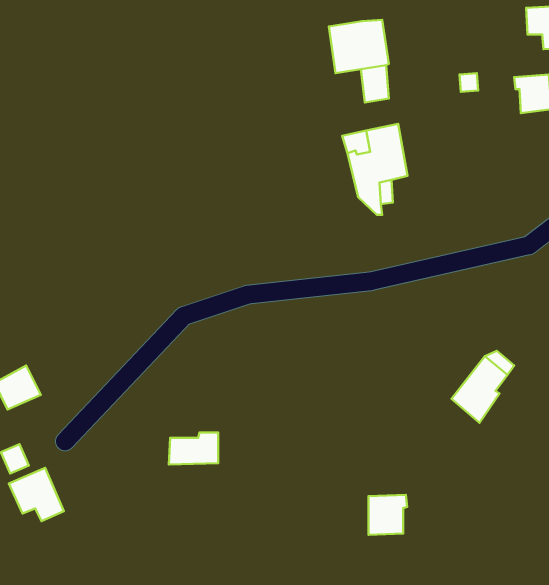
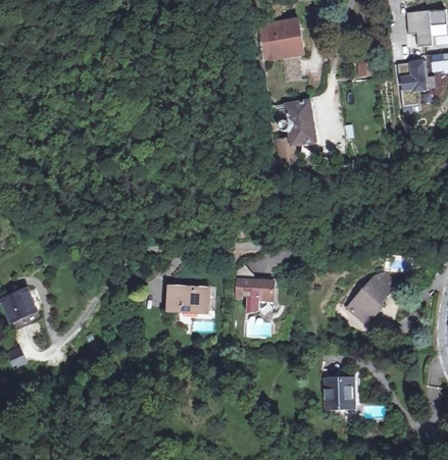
building: none -> [234,265,277,315]
building: [169,433,218,465] -> [170,289,208,313]
building: [9,468,64,521] -> none
building: [369,495,407,535] -> [323,377,353,408]

